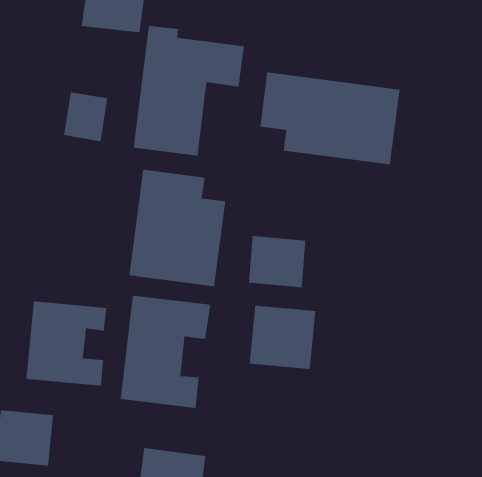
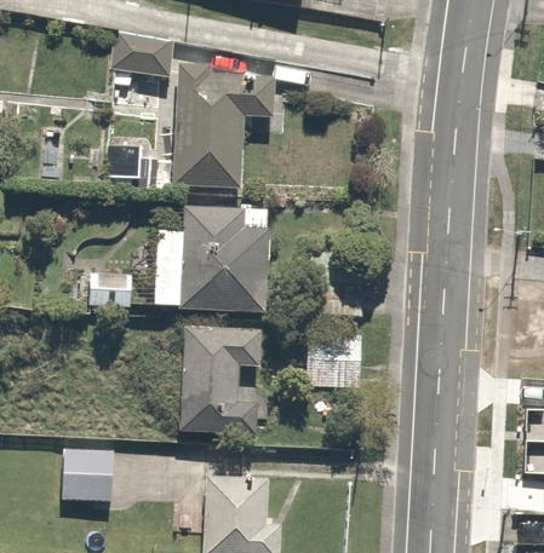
building: [259,72,400,165] -> none
building: [248,235,306,288] -> none
building: [26,301,107,387] -> none

